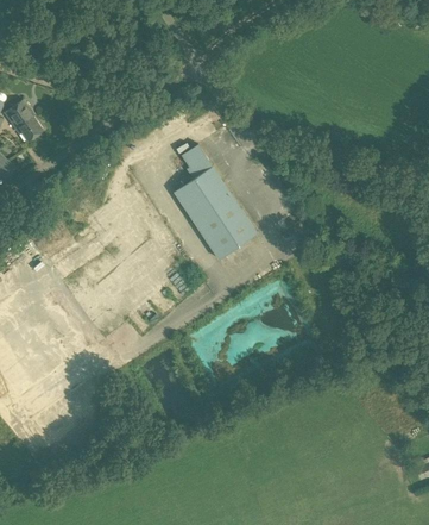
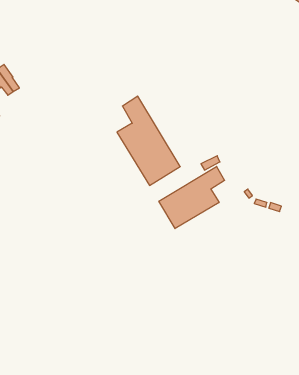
building: none -> [159,166,225,229]

